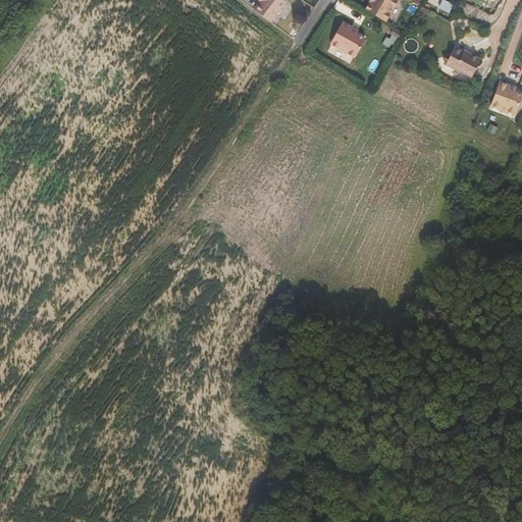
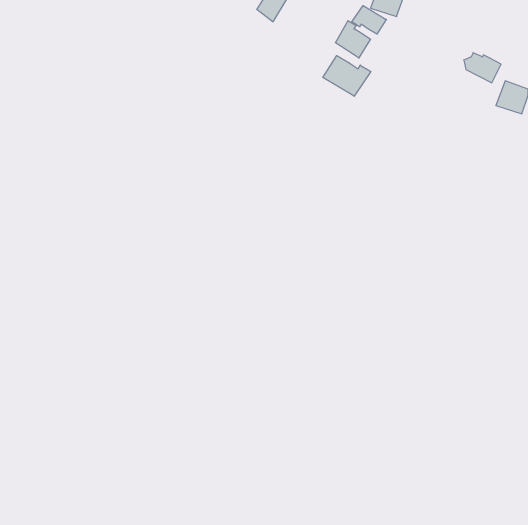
building: none -> [352,6,386,34]
building: none -> [323,56,371,96]

